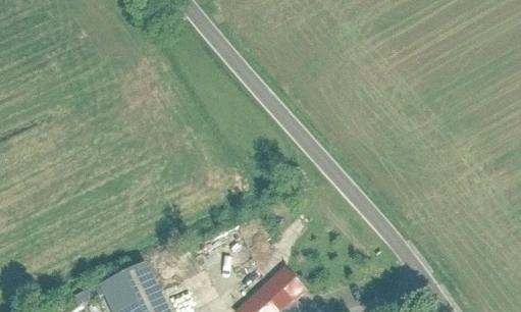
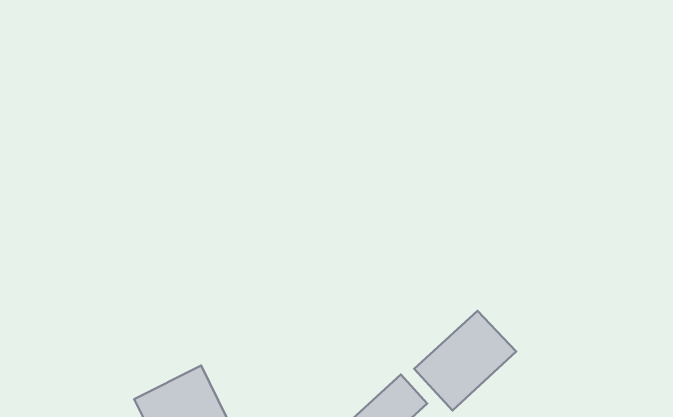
building: none -> [414,311,516,411]

